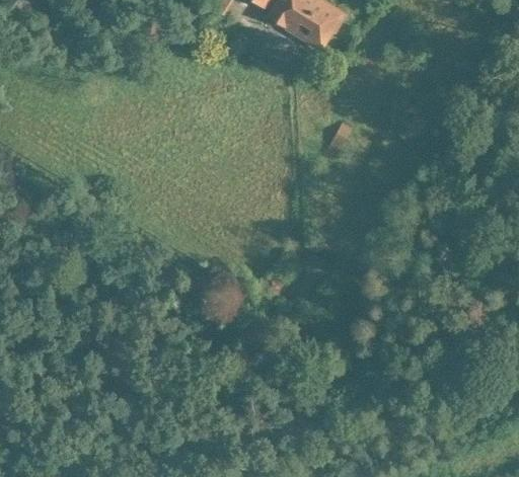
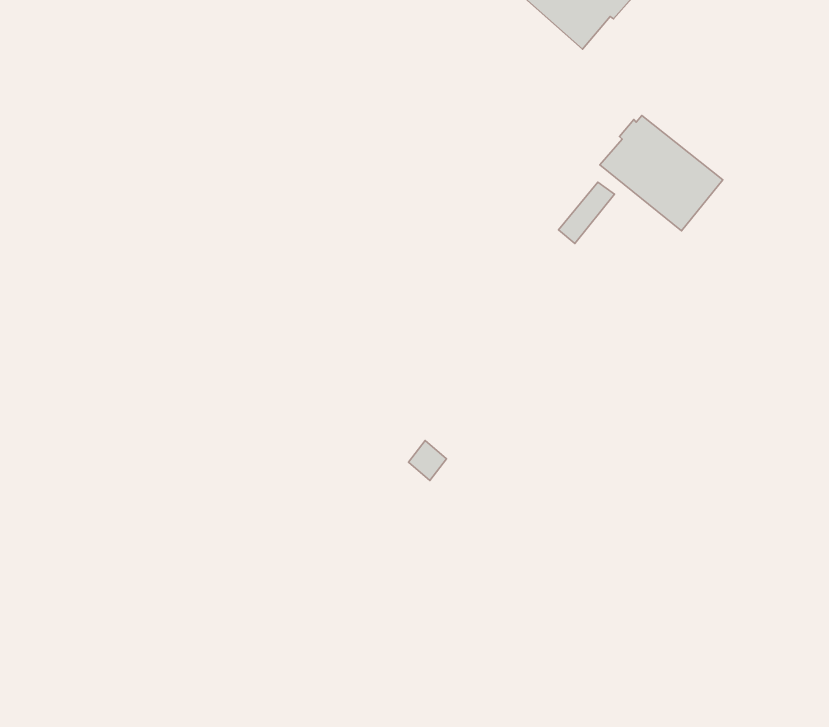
building: none -> [600,116,723,231]

